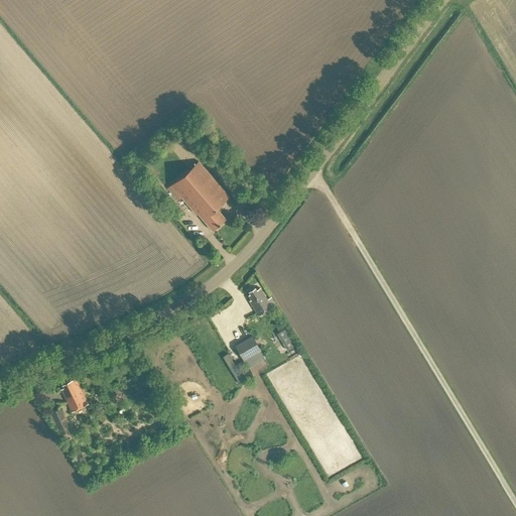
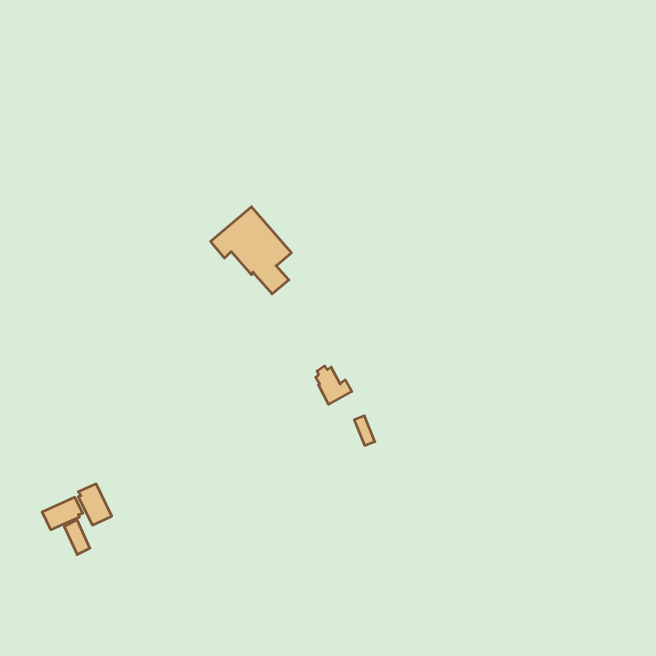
building: [234,336,261,361] -> none
building: none -> [42,497,83,530]

